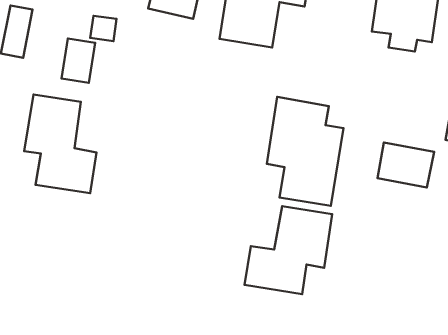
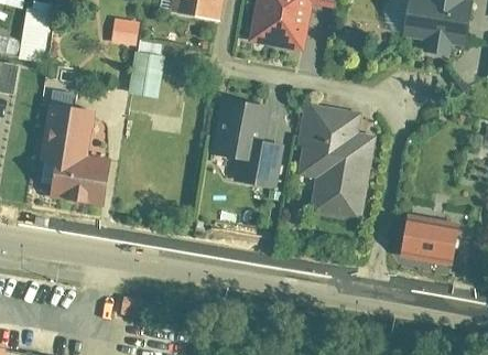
building: [62,39,95,83] -> [128,51,163,97]
building: none -> [212,95,284,186]
building: [377,142,434,188] -> [404,217,464,265]
building: [244,206,332,294] -> none

